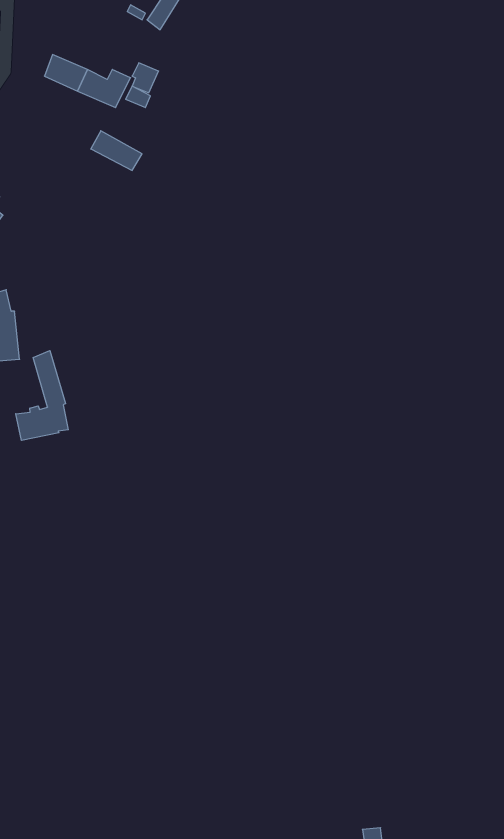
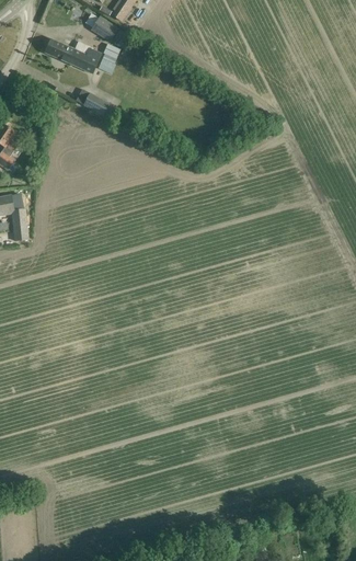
building: none -> [85,13,125,45]
building: [16,351,68,440] -> none

